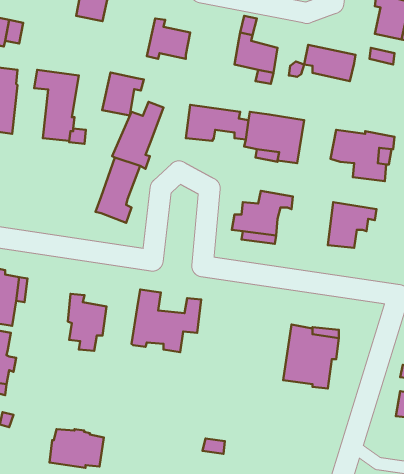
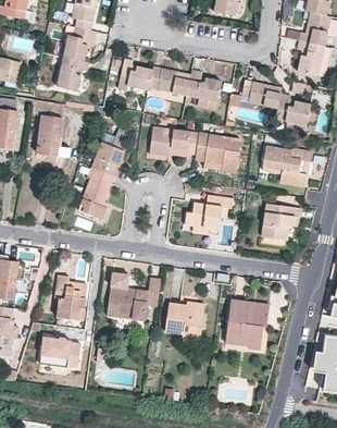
building: none -> [149,68,190,95]
building: none -> [275,94,310,124]
building: [102,73,144,116] -> [57,57,89,90]
building: none -> [165,303,205,339]
building: [49,429,104,468] -> [37,335,79,366]

